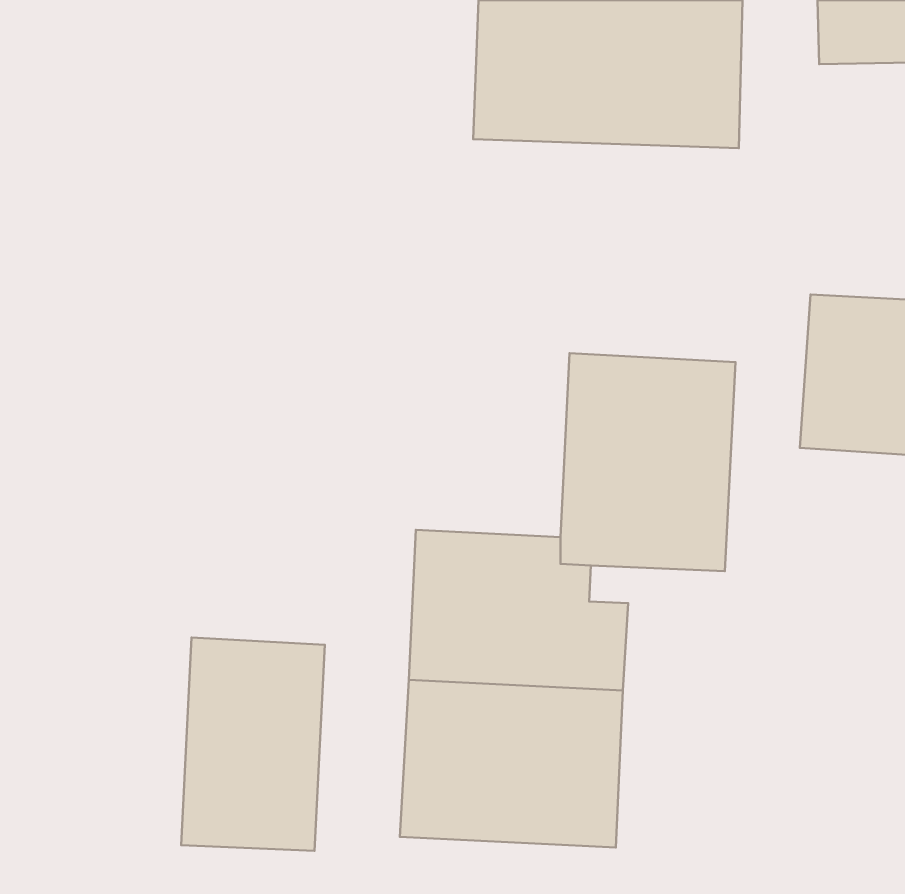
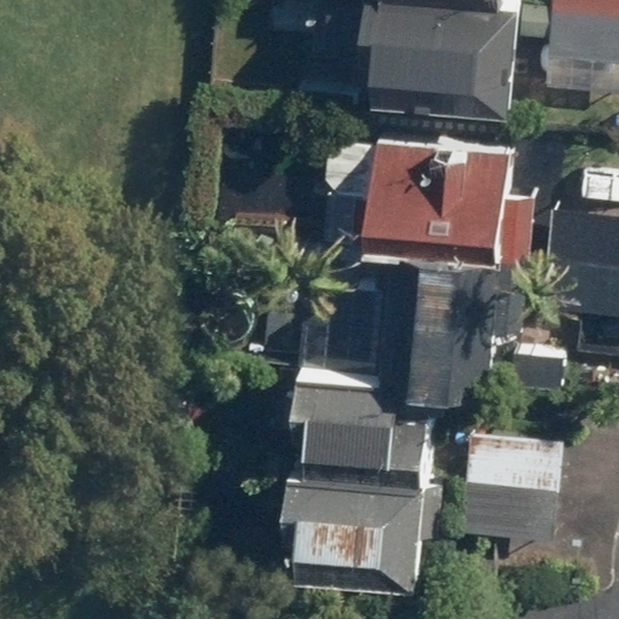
building: none -> [368,146,508,258]
building: none -> [472,433,569,542]
building: [181,637,325,851] -> none

